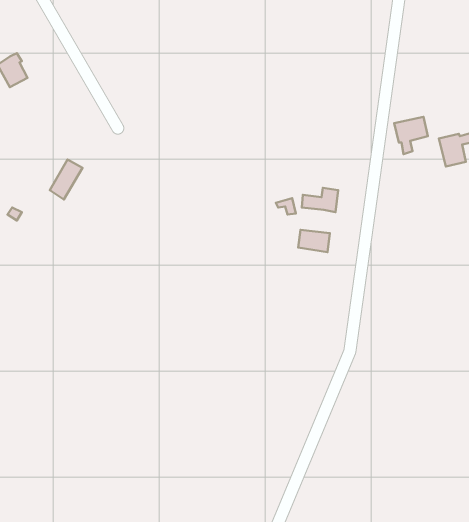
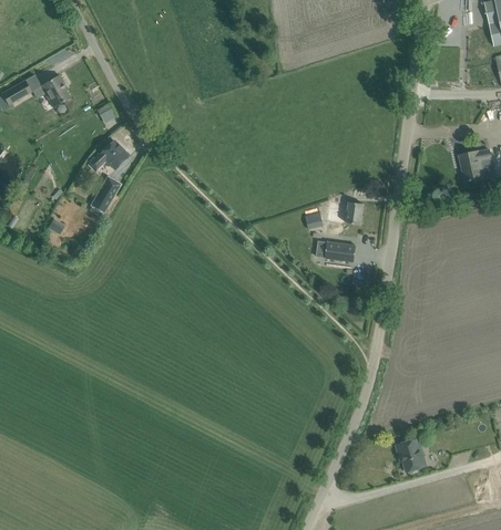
building: [394,117,428,154] -> none
building: none -> [88,138,130,172]
building: none -> [396,437,427,471]

